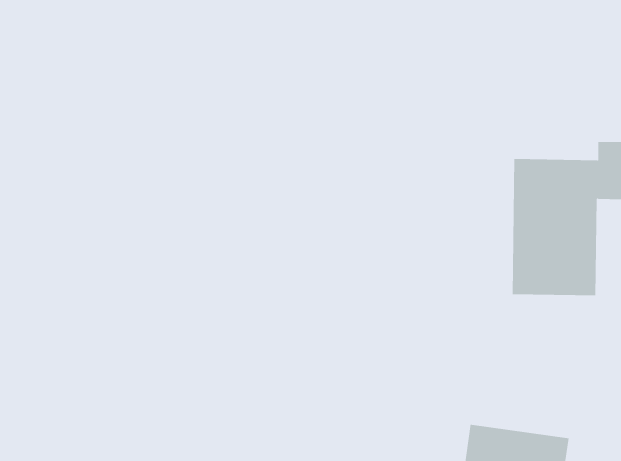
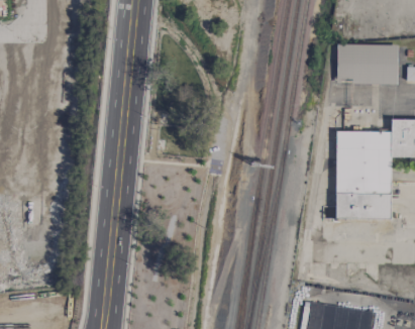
building: none -> [336,44,397,84]

